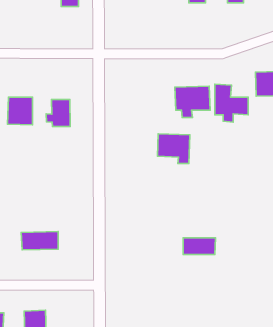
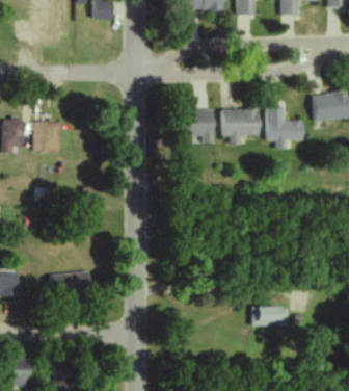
building: [46,100,70,127] -> none
building: [157,134,190,164] -> [179,109,215,142]
building: [183,238,216,255] -> [251,307,288,325]

